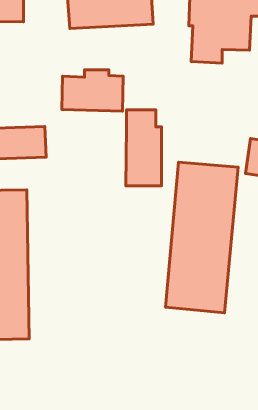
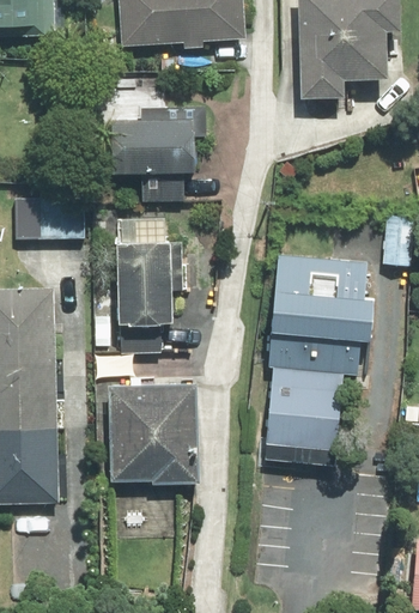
building: [126,110,161,186] -> [120,217,172,329]
building: none -> [107,376,199,478]

